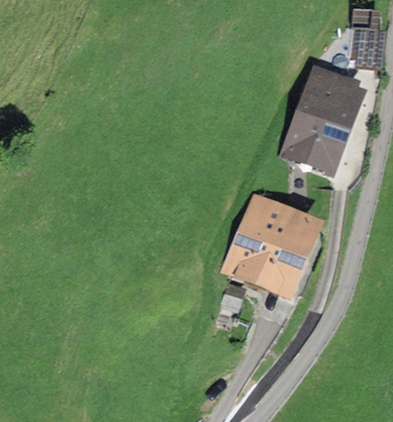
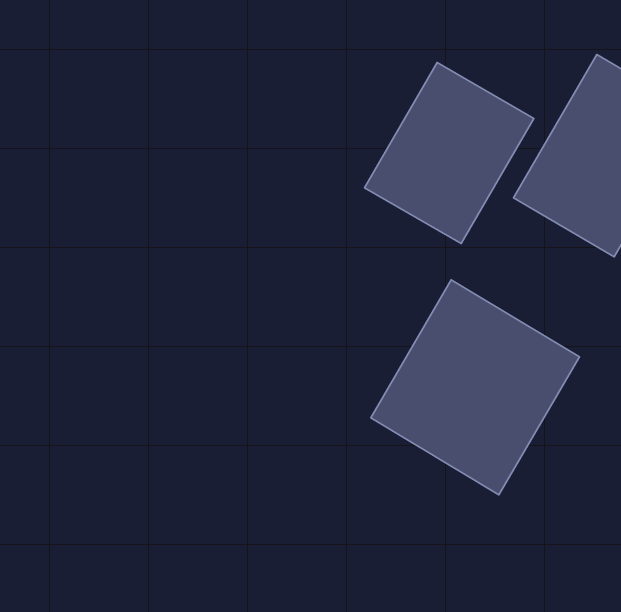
building: none -> [364,63,534,244]

